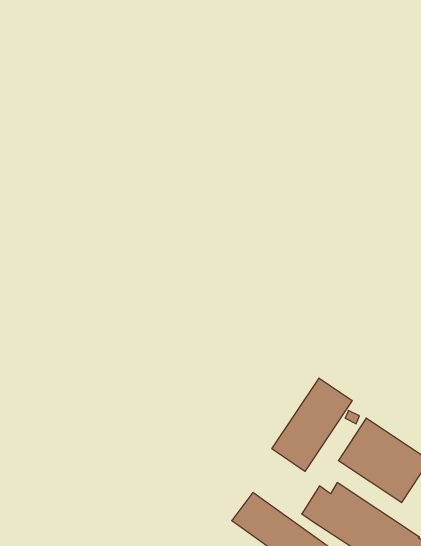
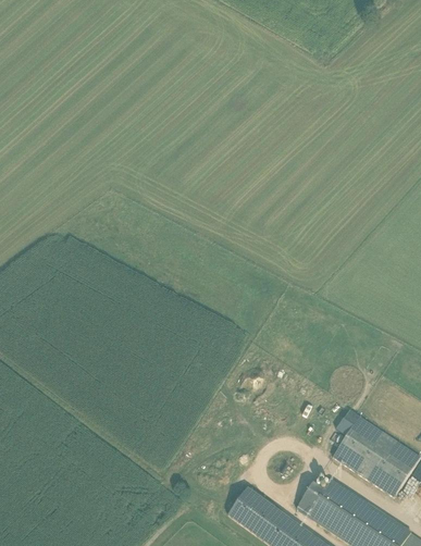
building: [272,378,352,471] -> none

